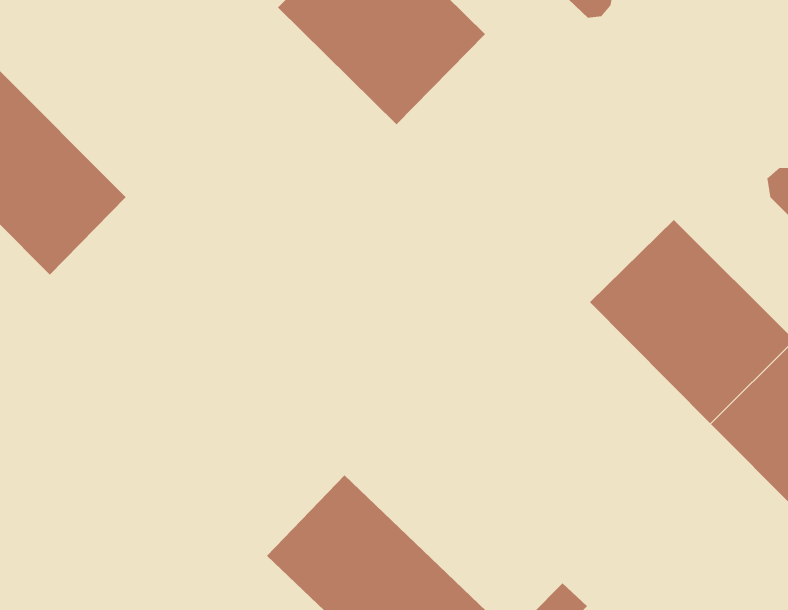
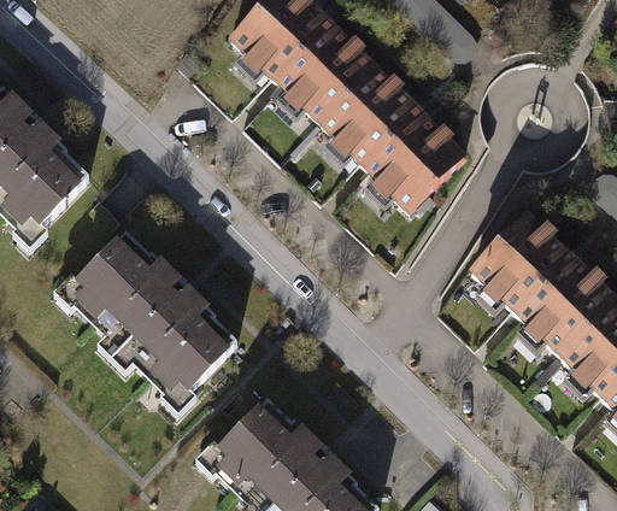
building: none -> [310,63,470,222]
building: none -> [75,240,245,406]

